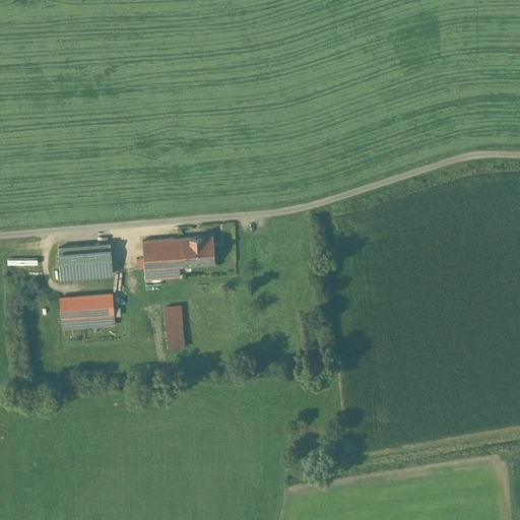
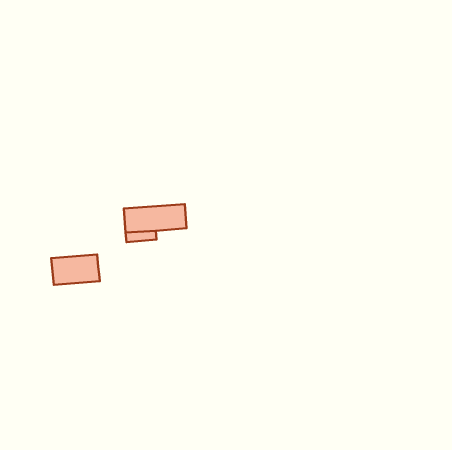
building: [58,244,112,279] -> none
building: [166,307,182,339] -> none

